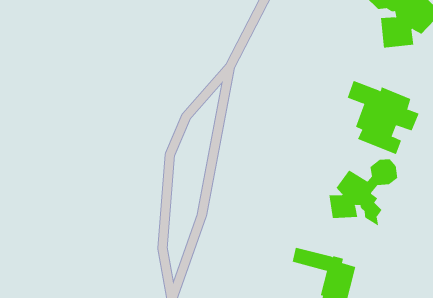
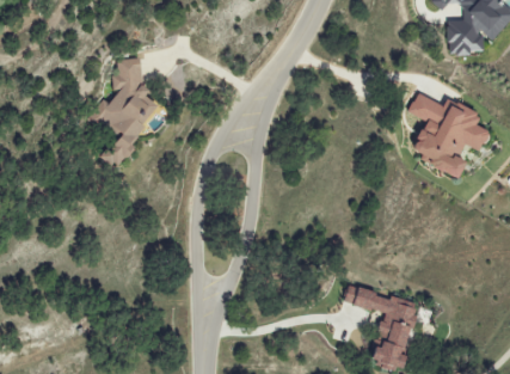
building: none -> [90,59,154,165]
building: [329,158,398,227] -> none

